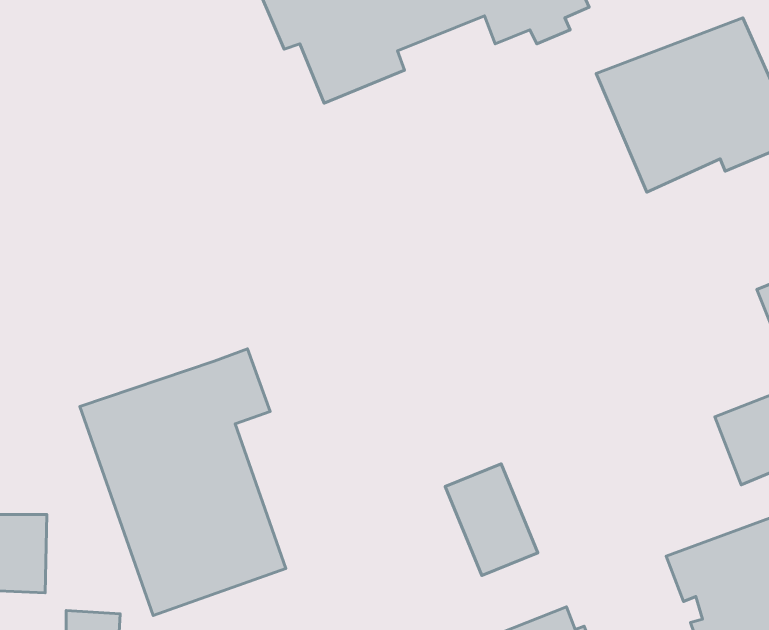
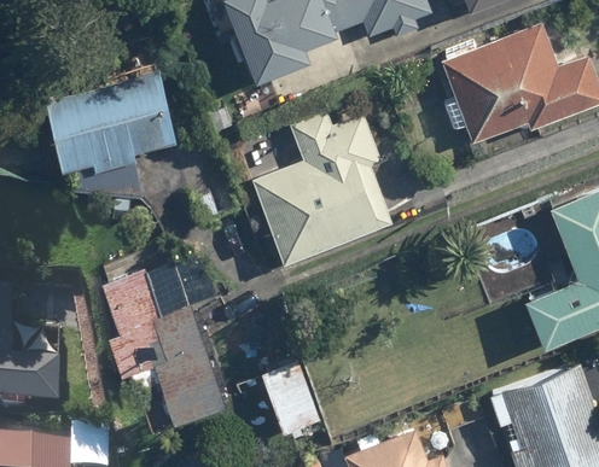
building: none -> [43,70,178,174]
building: none -> [251,109,394,263]
building: [445,464,538,575] -> [257,357,321,434]

